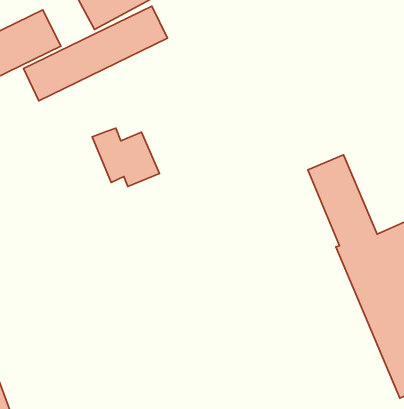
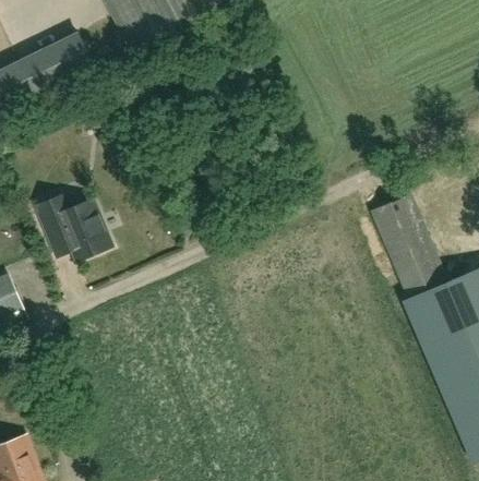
building: [23,6,168,101] -> none
building: [92,128,159,186] -> [36,192,110,256]

